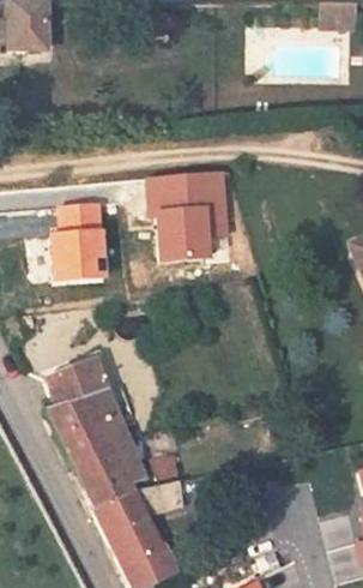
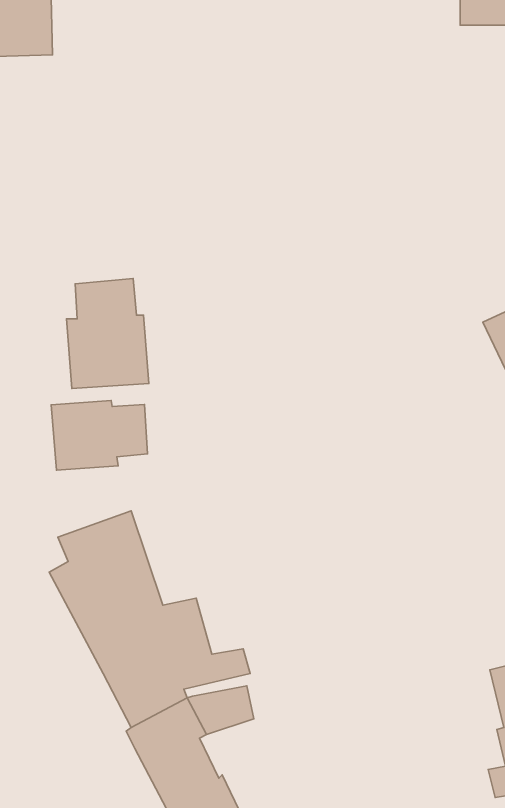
building: [153,174,230,258] -> none
building: none -> [51,401,147,470]

